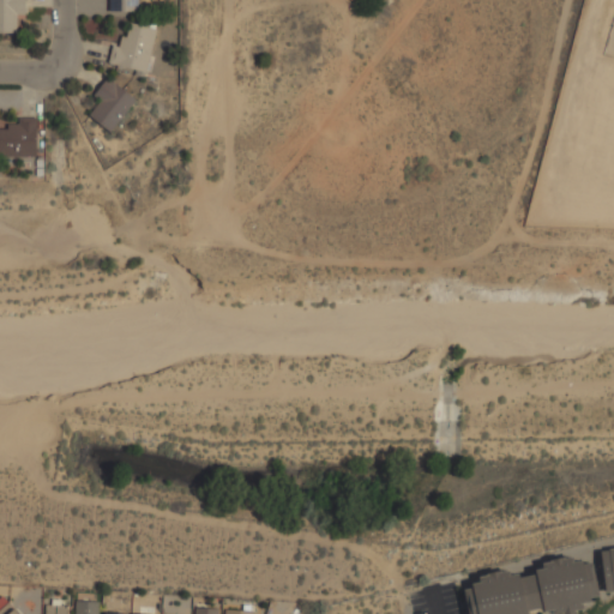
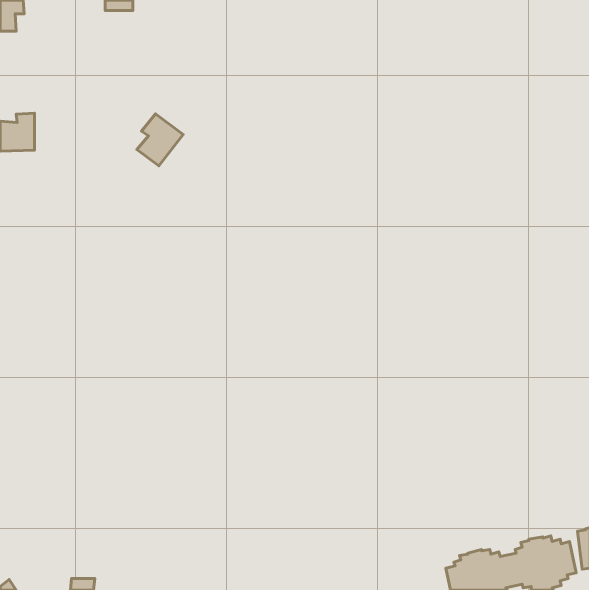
building: [109,23,156,71] -> none
building: [89,78,137,132] -> [137,114,183,166]

